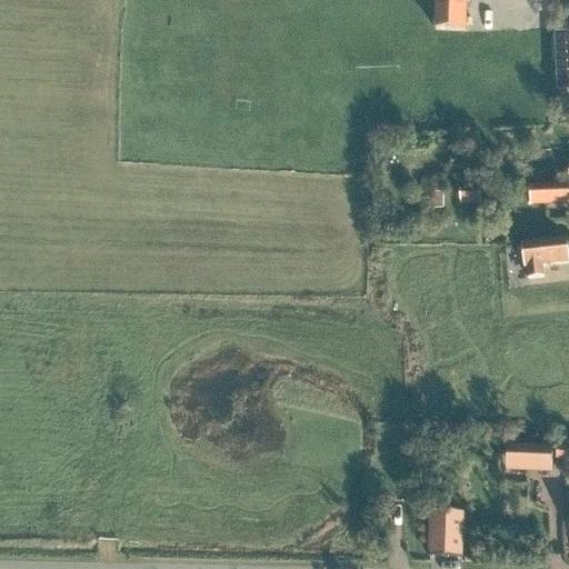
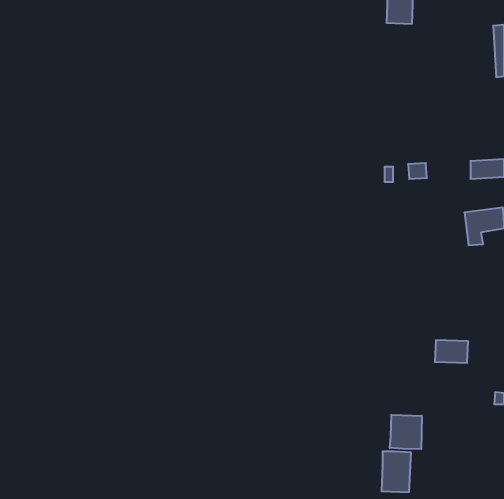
building: [515,442,552,468] -> [435,340,468,363]
building: none -> [390,415,422,449]

